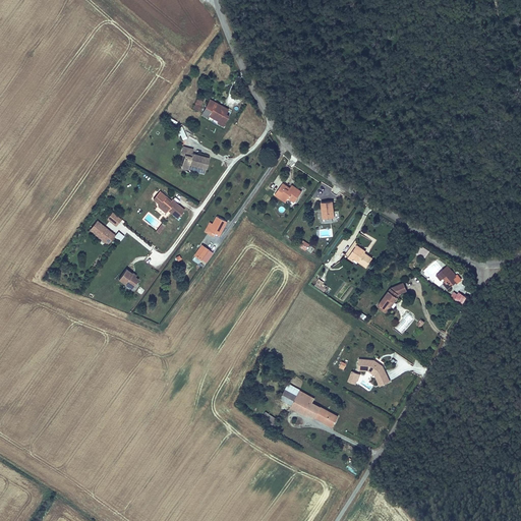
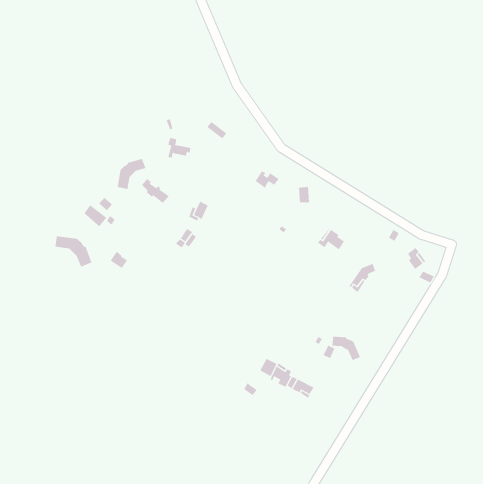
building: [198,101,229,126] -> none
building: none -> [117,158,146,190]
building: none -> [55,235,92,267]

